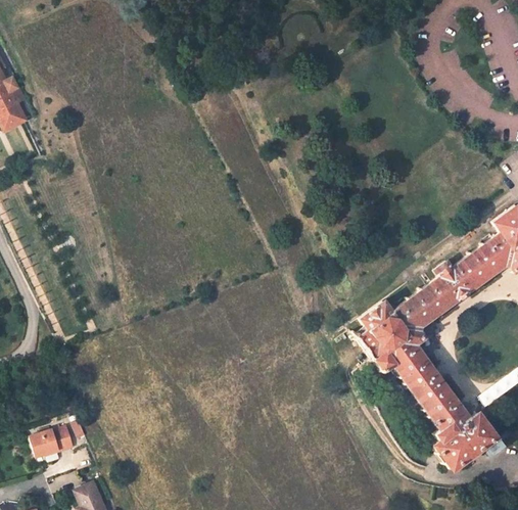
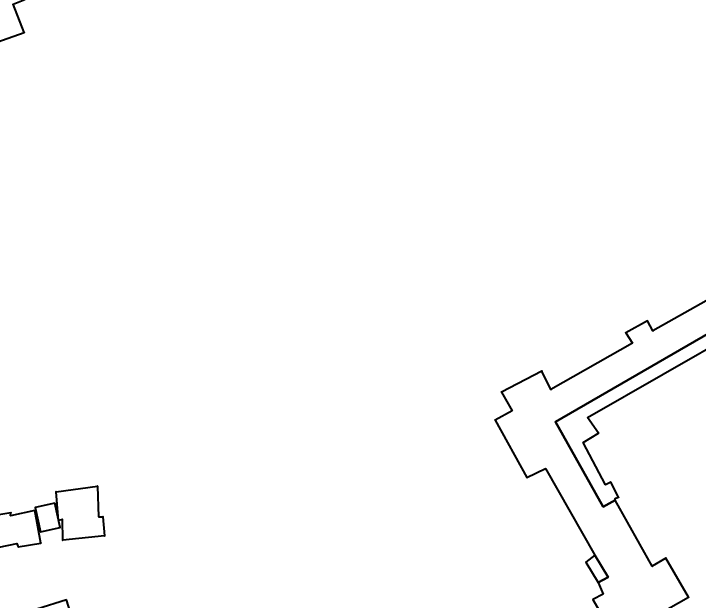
building: none -> [56,486,105,540]

